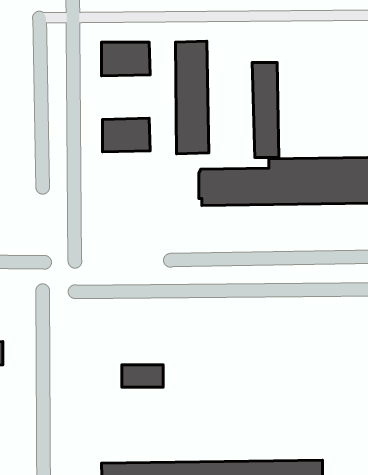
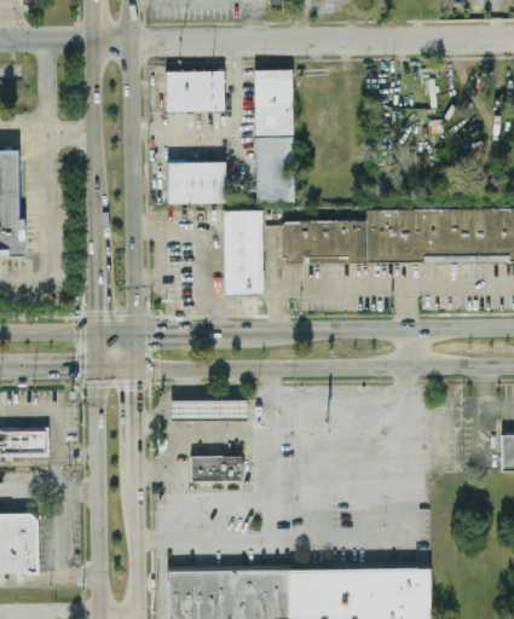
building: [252,62,279,157] -> none
building: none -> [225,208,262,294]
building: none -> [172,399,248,421]

